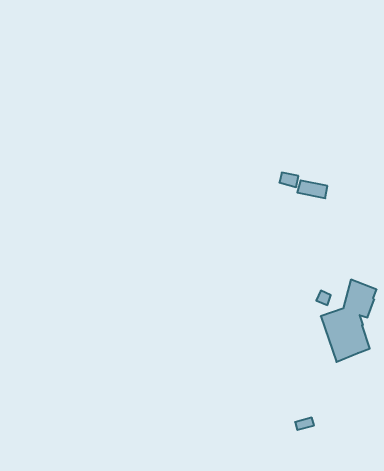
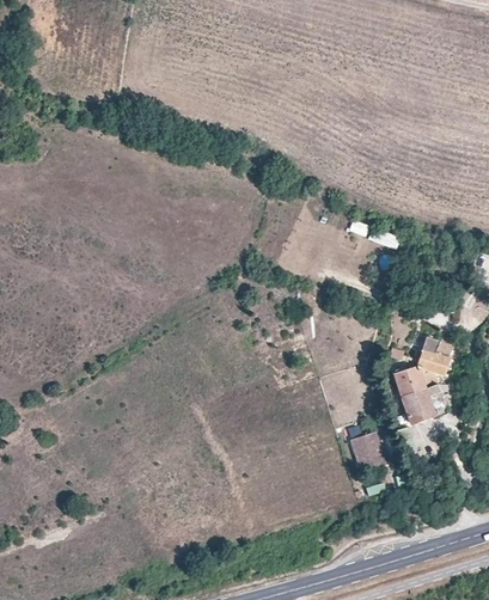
building: none -> [352,434,387,469]

